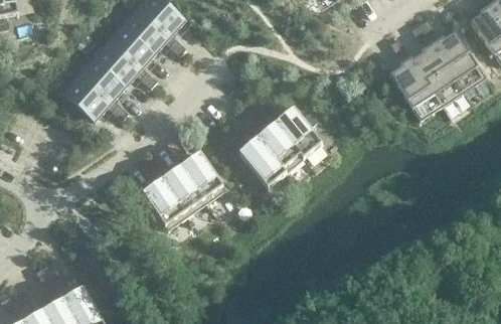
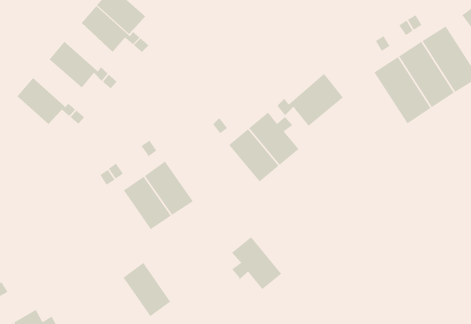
building: [109,25,153,68] -> none
building: [80,58,125,101] -> none
building: none -> [276,73,344,127]
building: [239,136,286,185] -> [231,236,282,290]
building: [143,177,187,227] -> [122,262,171,317]

